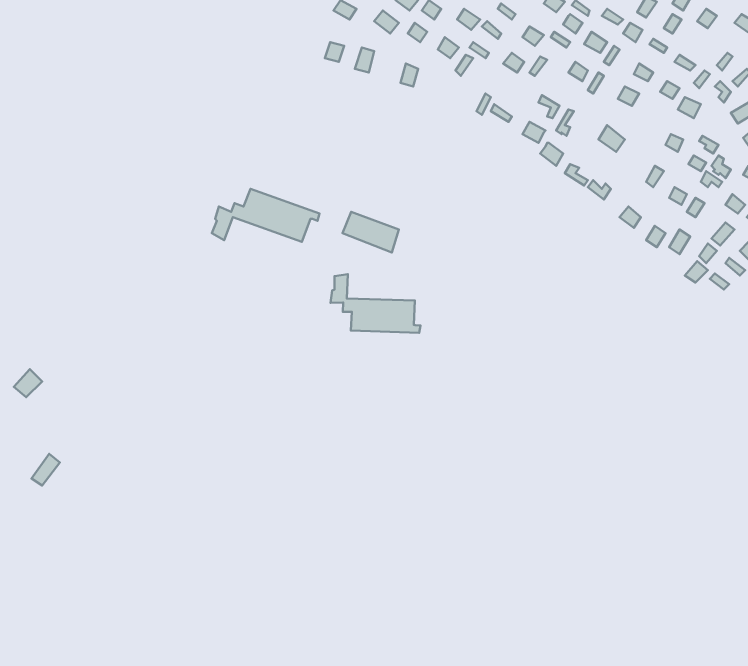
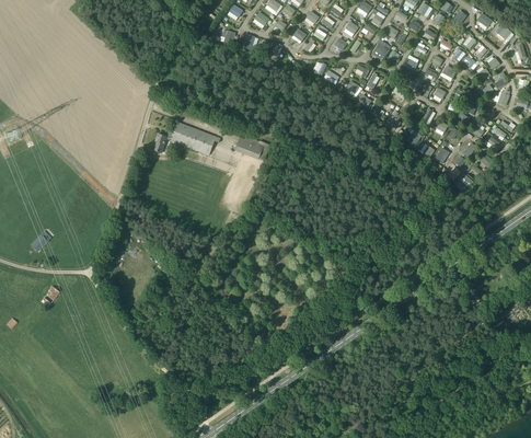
building: [331,274,420,333] -> none

